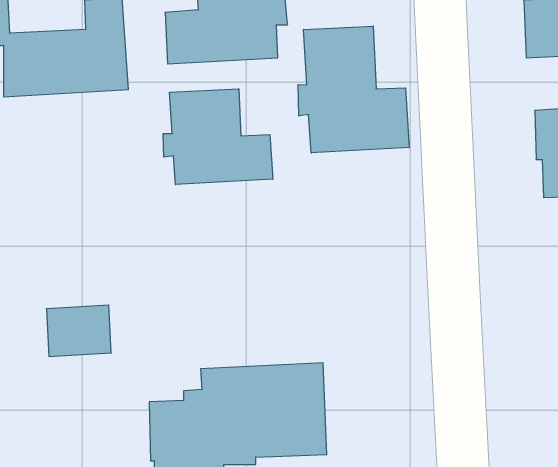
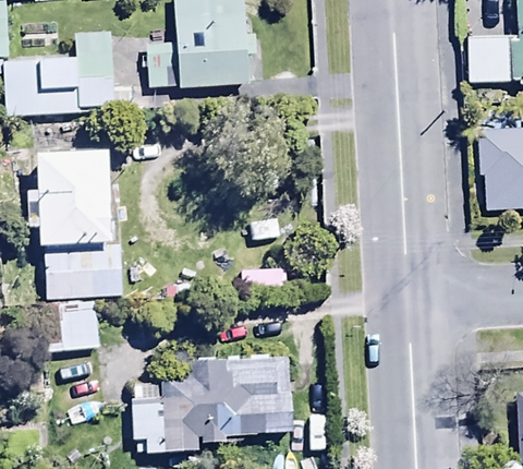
building: [298,26,409,153] -> none
building: [163,89,273,185] -> none
building: none -> [29,156,122,299]

